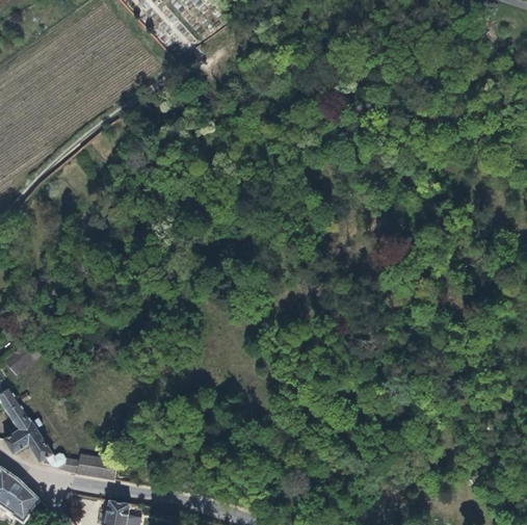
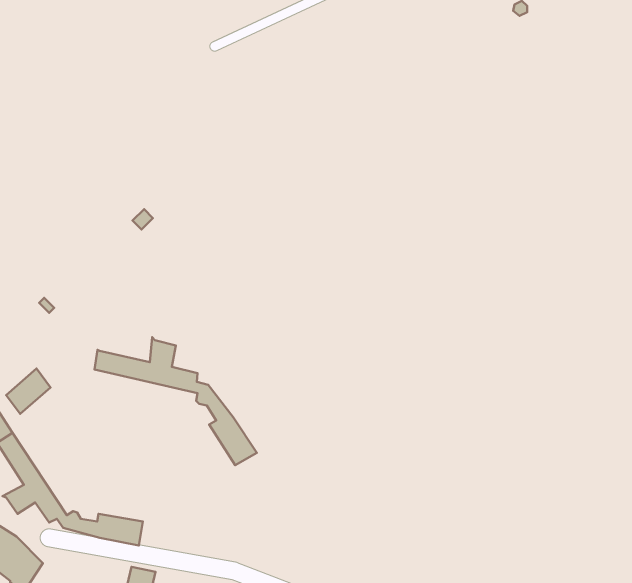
building: none -> [95,337,257,465]

